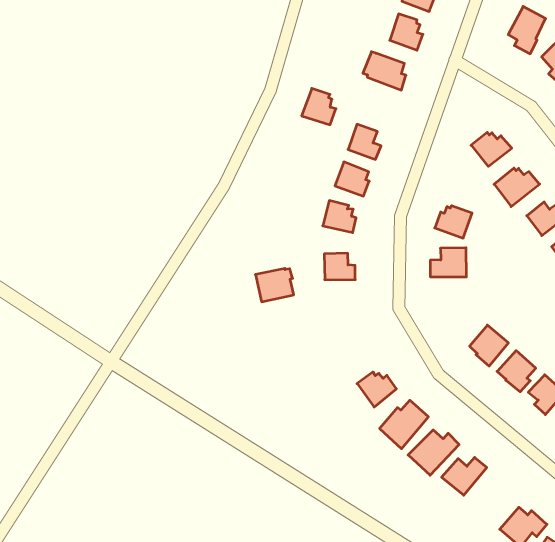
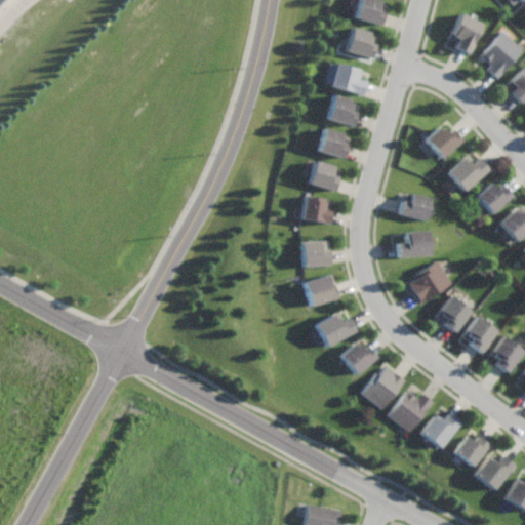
building: [302,88,336,125] -> [327,95,357,126]
building: [255,268,294,302] -> [302,276,337,307]
building: none -> [409,261,451,302]
building: none -> [315,313,356,346]
building: none -> [453,437,488,467]

